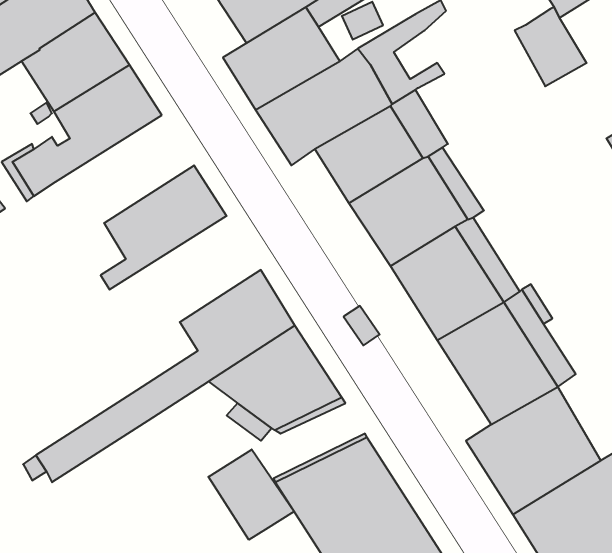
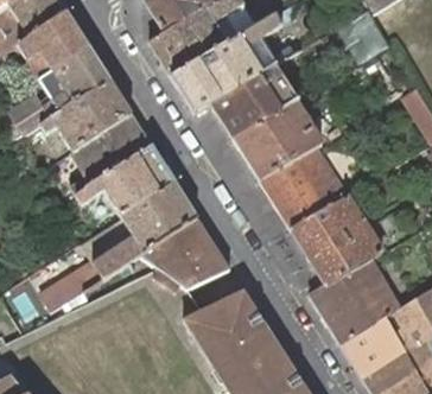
building: none -> [39,78,131,150]
building: none -> [75,145,174,215]
building: [208,449,294,540] -> none

